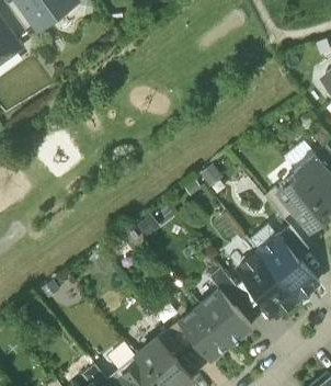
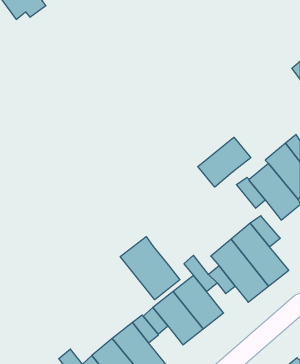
building: none -> [198,137,251,187]
building: none -> [120,237,180,300]

